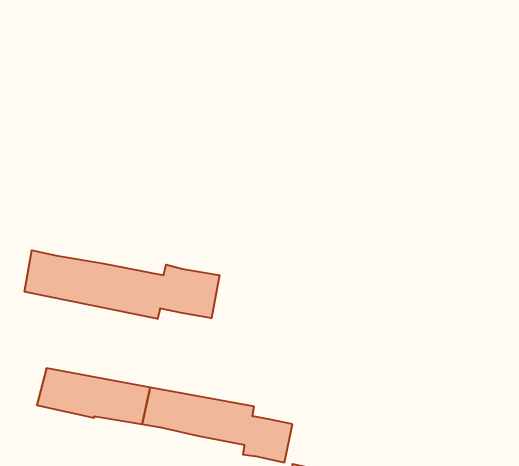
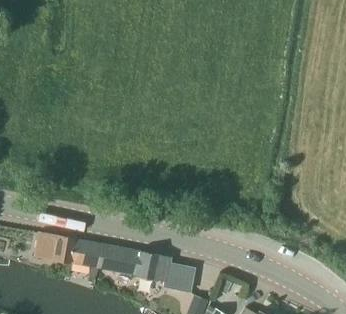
building: [25,250,219,319] -> none

